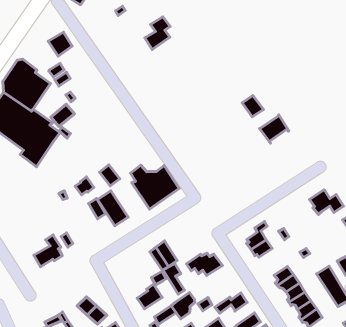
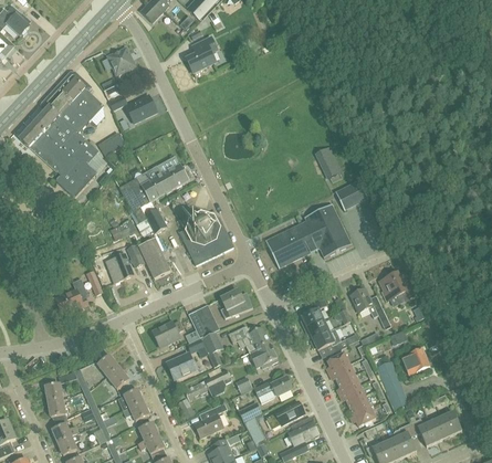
building: [145,17,170,49] -> [185,38,216,73]
building: none -> [126,95,156,123]
building: none -> [118,157,192,211]
building: none -> [264,203,350,267]
building: none -> [349,287,391,328]
building: none -> [105,254,132,282]
building: none -> [220,290,252,317]
building: none -> [310,328,348,351]
building: none -> [151,319,182,346]
building: none -> [249,341,276,368]

